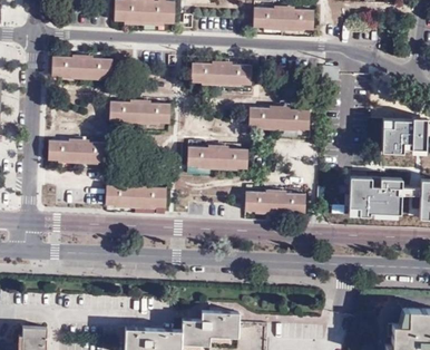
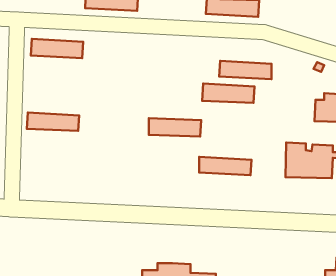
building: [190,64,251,85] -> [219,61,272,79]
building: [108,100,168,123] -> none
building: [104,185,164,206] -> none

